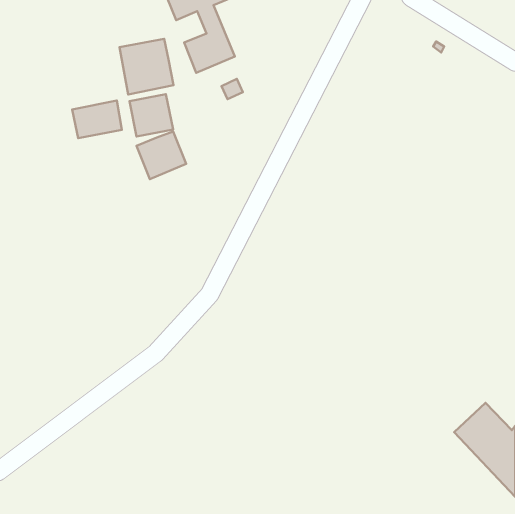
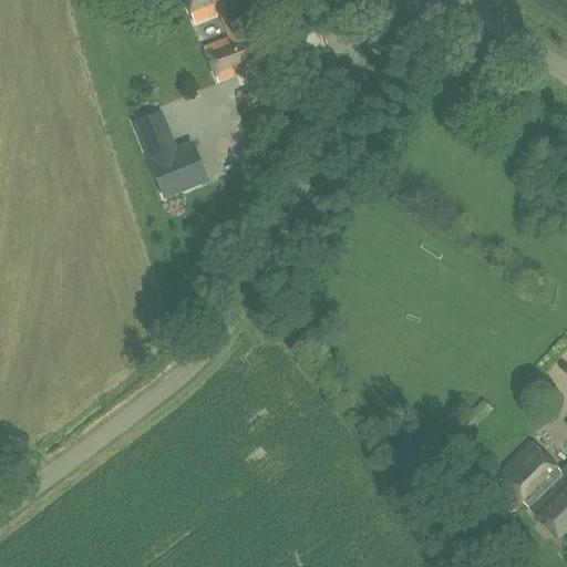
building: [120,39,174,94] -> none
building: [72,101,122,138] -> none

